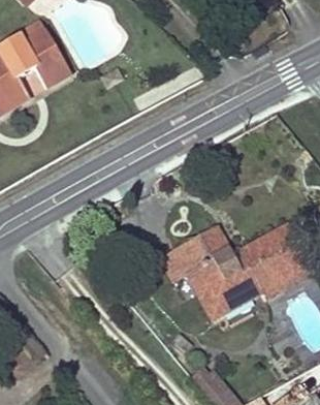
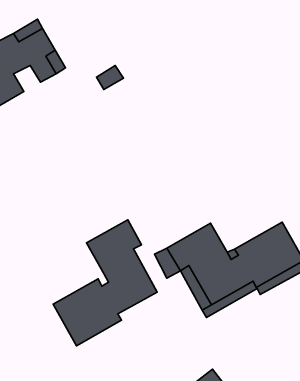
building: none -> [53,220,157,346]

